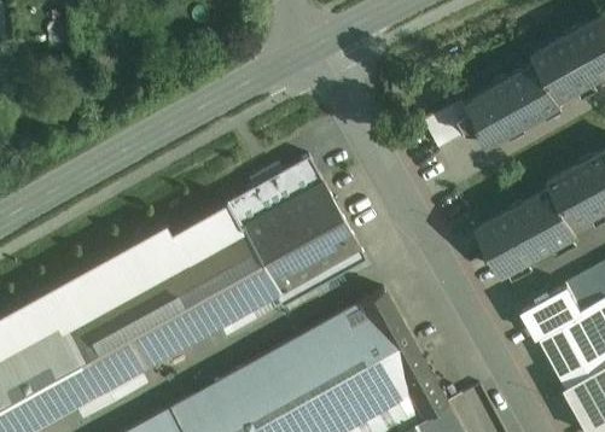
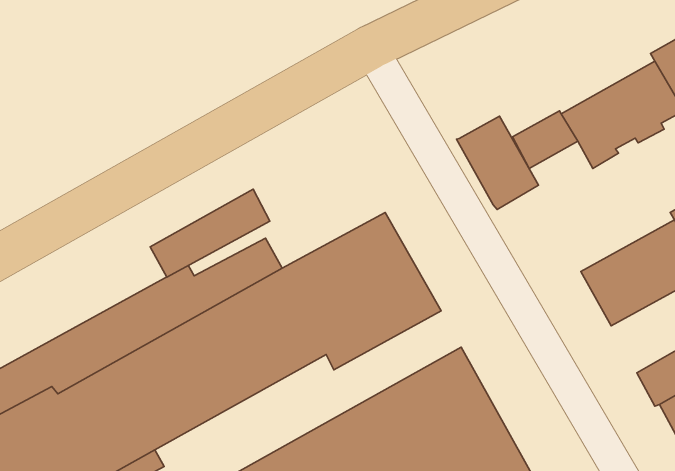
building: none -> [457,116,539,209]
building: [227,158,322,228] -> [150,189,270,277]

